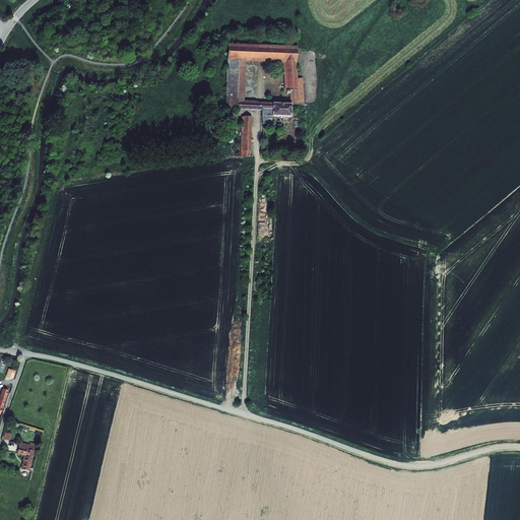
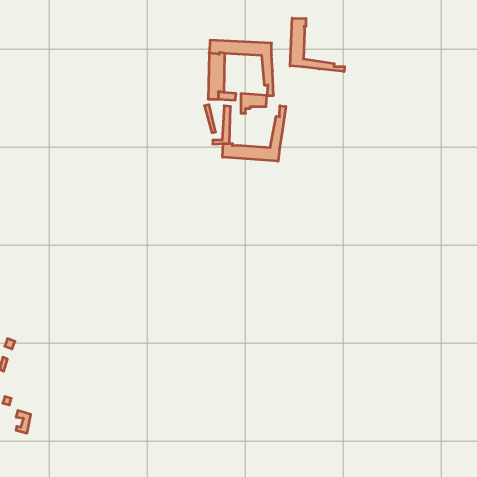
building: none -> [290,18,345,72]
building: none -> [223,106,286,161]

